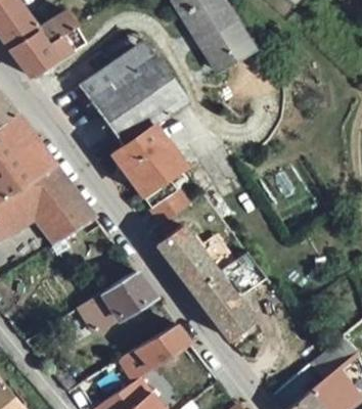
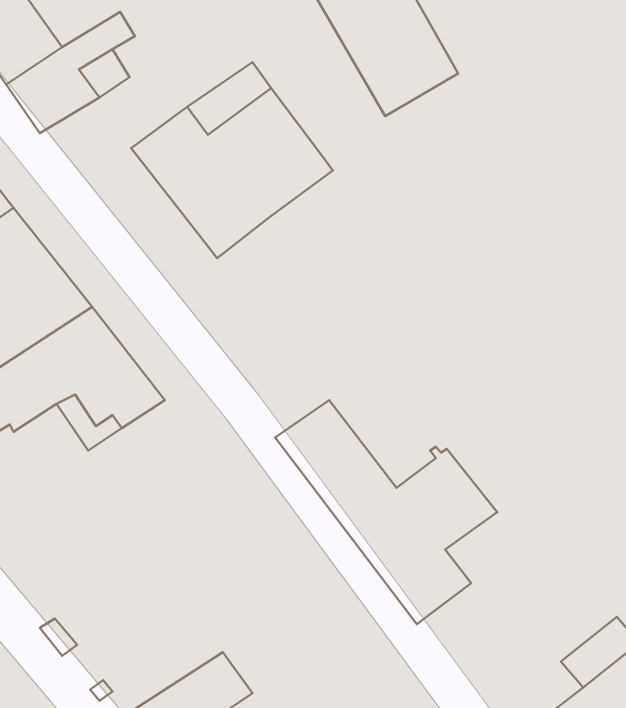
building: [110,122,186,219] -> none
building: [84,275,156,328] -> none
building: [136,327,192,375] -> none

